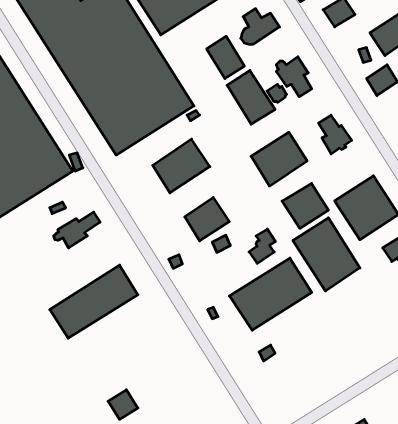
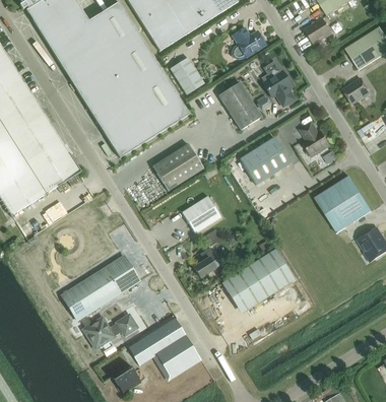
building: [207,36,244,79] -> [170,57,203,94]
building: [282,183,328,228] -> none
building: [54,212,100,248] -> none
building: [293,218,360,291] -> none
building: [249,229,275,263] -> [193,247,216,277]
building: none -> [82,314,137,348]
building: none -> [128,318,201,381]

